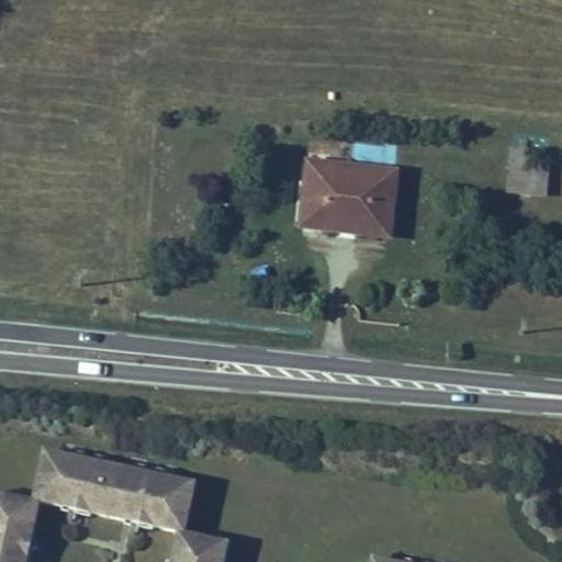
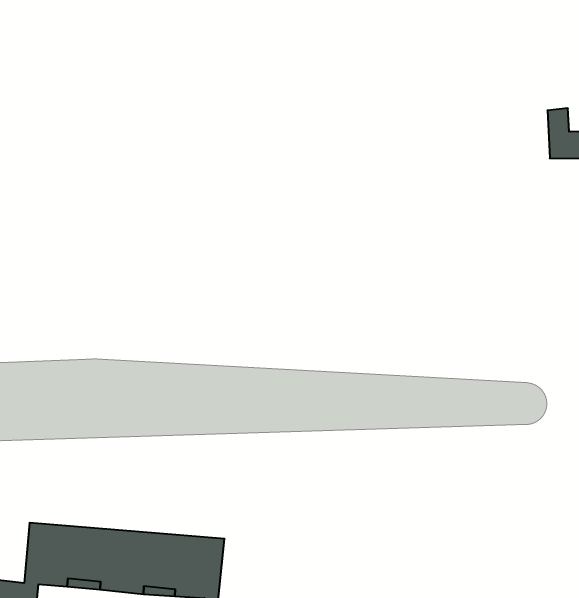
building: [300,164,398,234] -> none

